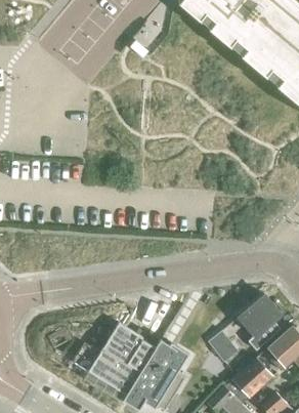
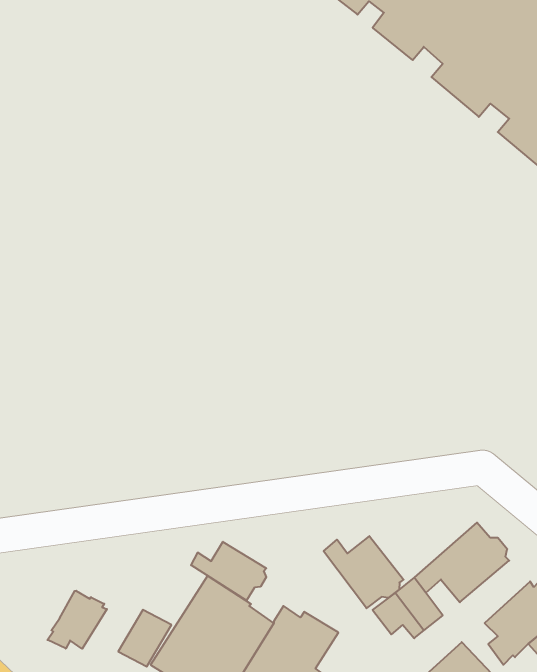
building: none -> [324,536,404,608]
building: none -> [191,542,266,601]
building: none -> [47,591,107,649]

